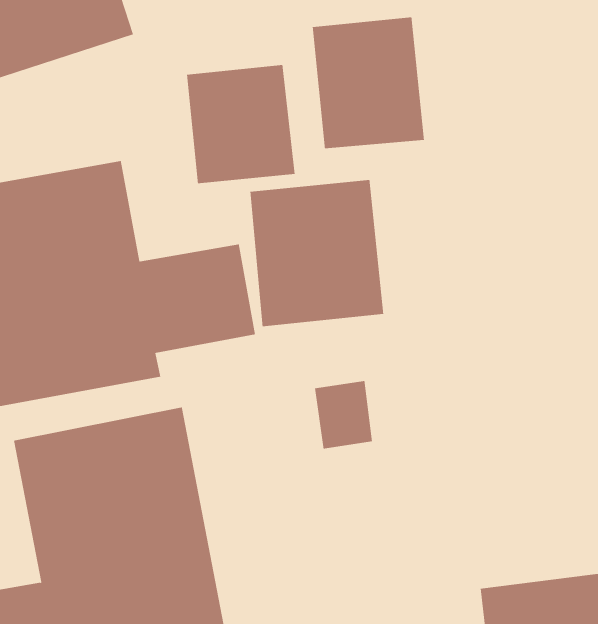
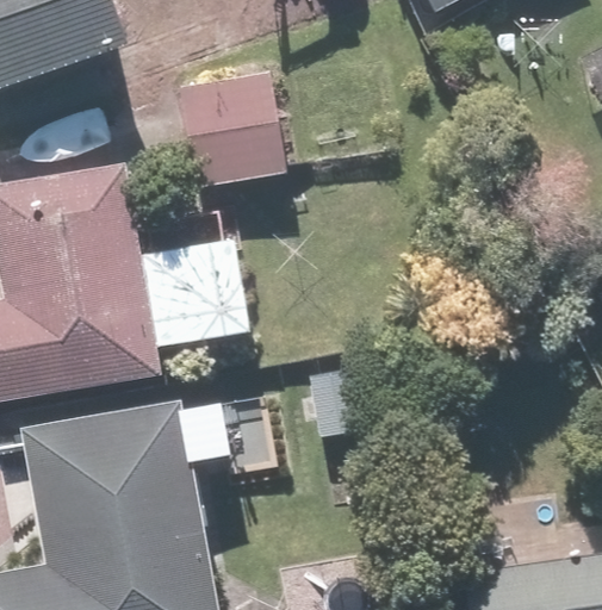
building: [312,16,424,149] -> none
building: [250,179,384,327] -> none

